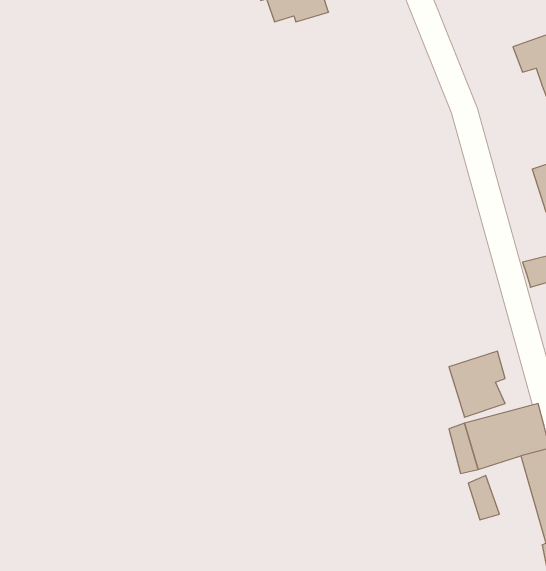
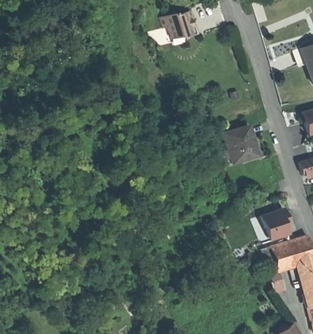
building: none -> [223,124,258,163]

